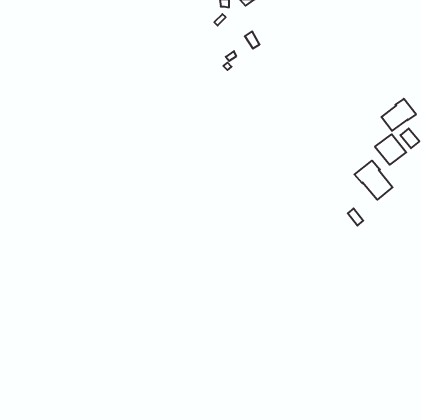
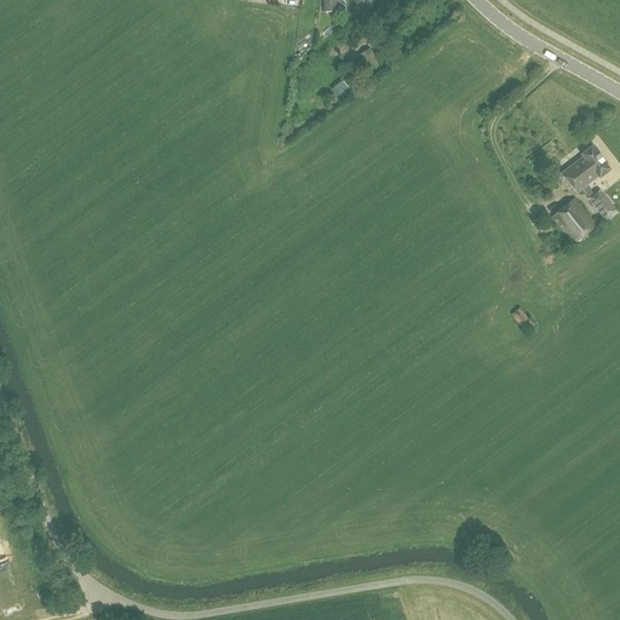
building: [354,161,393,200] -> none

